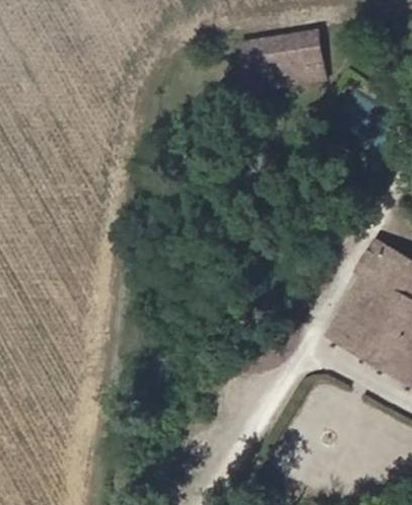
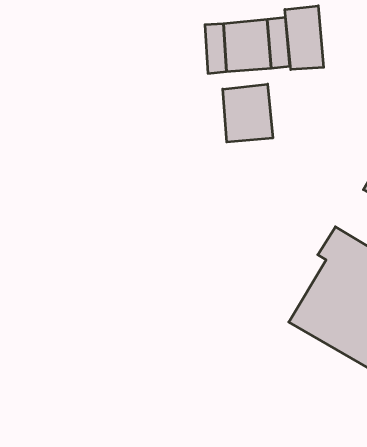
building: none -> [285,6,324,70]
building: none -> [223,84,273,142]

